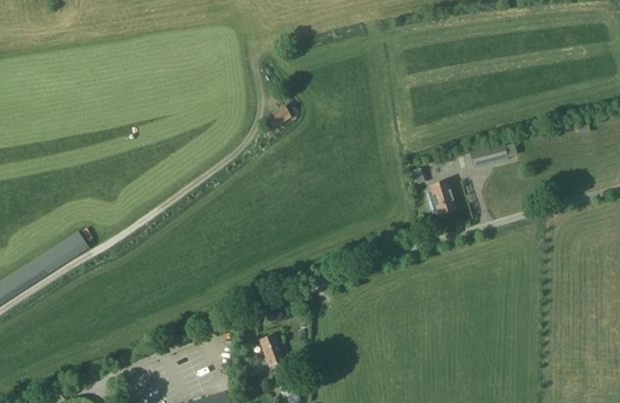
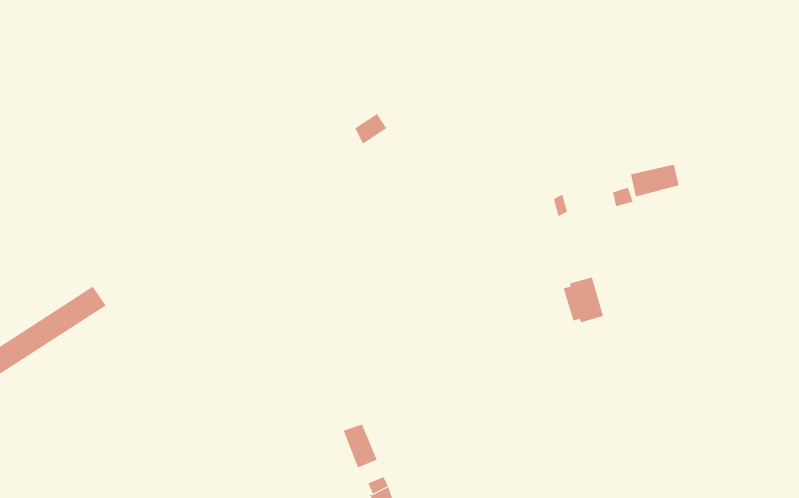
building: [426,180,457,214] -> [563,277,604,323]

